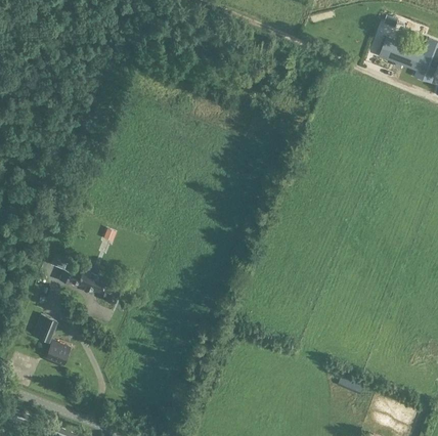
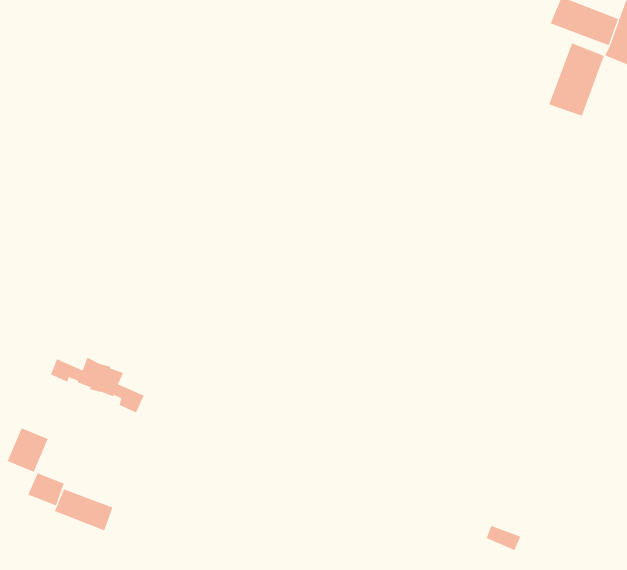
building: none -> [548,43,604,117]
building: none -> [54,488,113,531]

